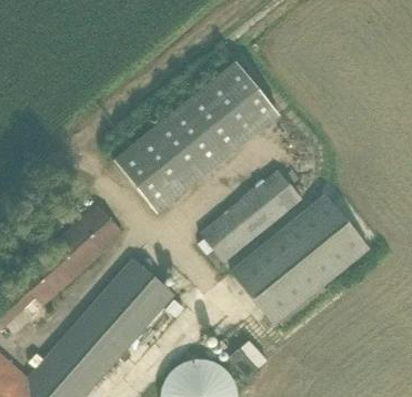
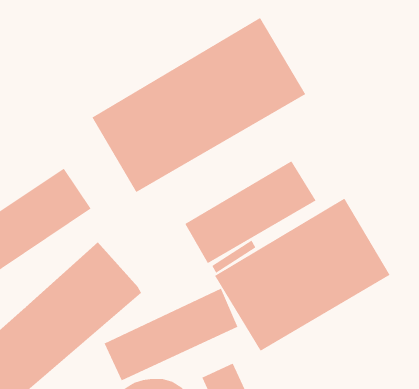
building: none -> [104,288,238,381]

